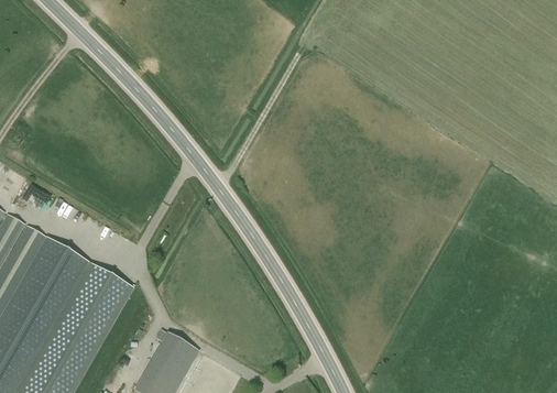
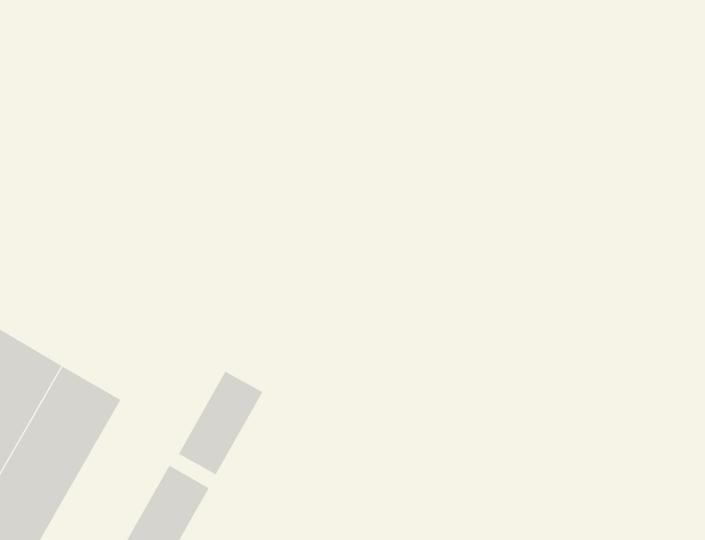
building: none -> [178,371,263,475]

